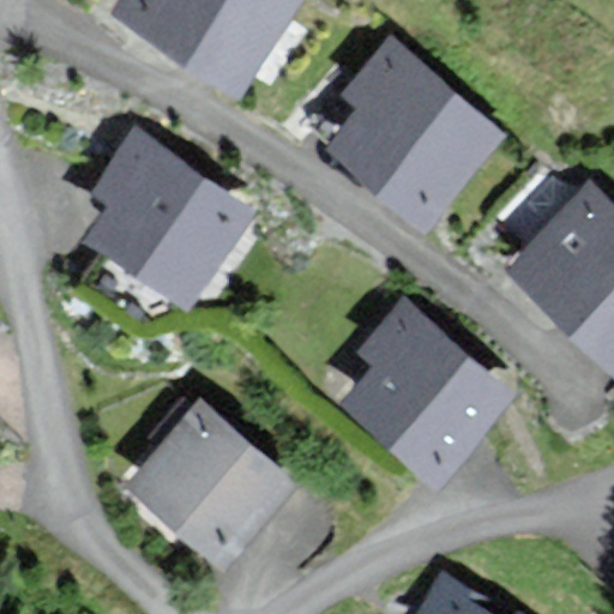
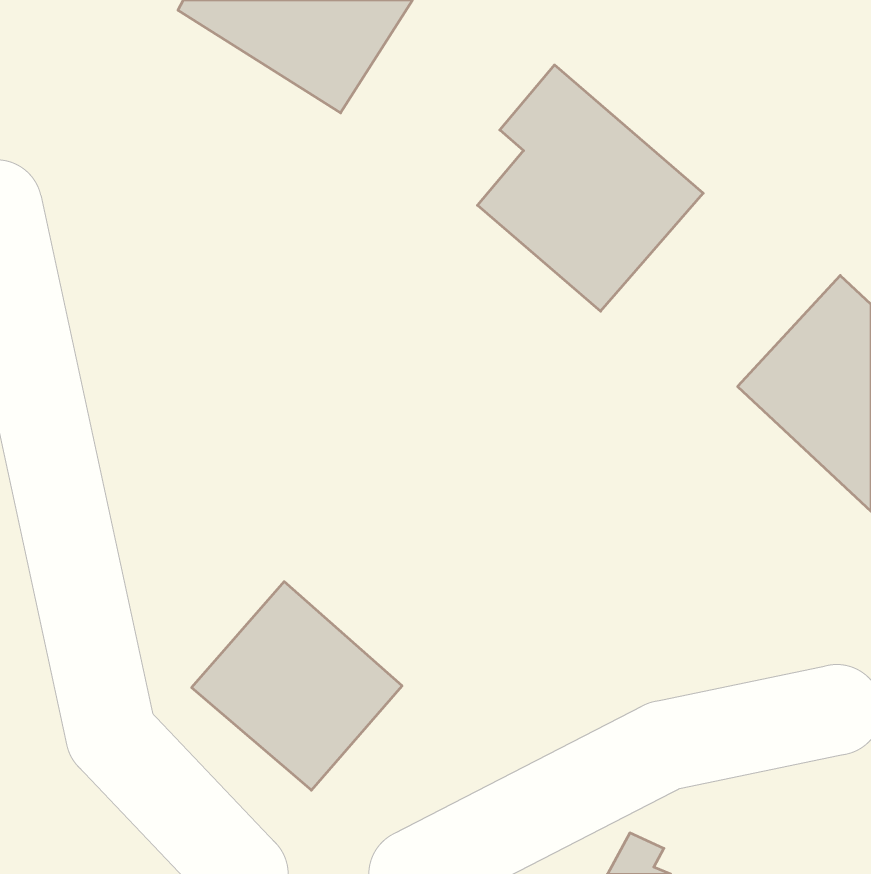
building: [96,137,247,294] -> none
building: [357,300,507,472] -> none

